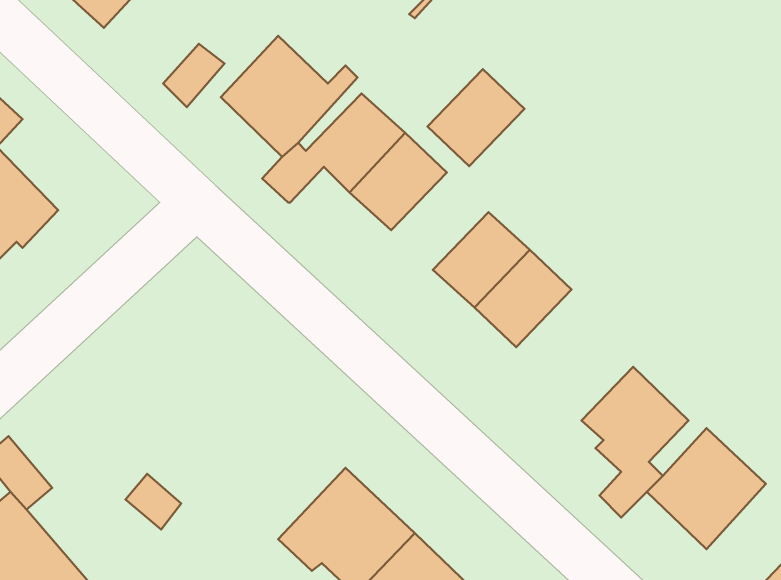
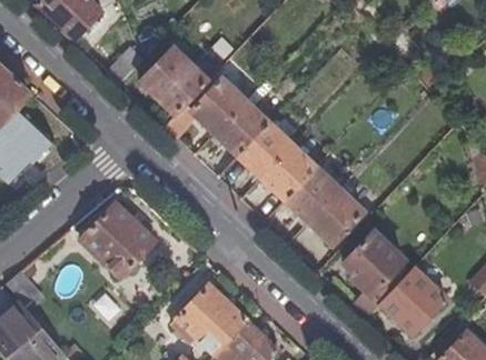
building: [427,69,525,166] -> [235,121,289,176]
building: none -> [305,187,359,241]
building: none -> [80,203,153,278]

